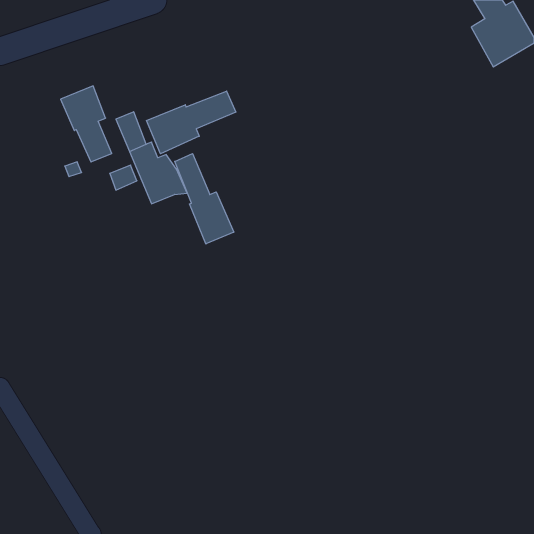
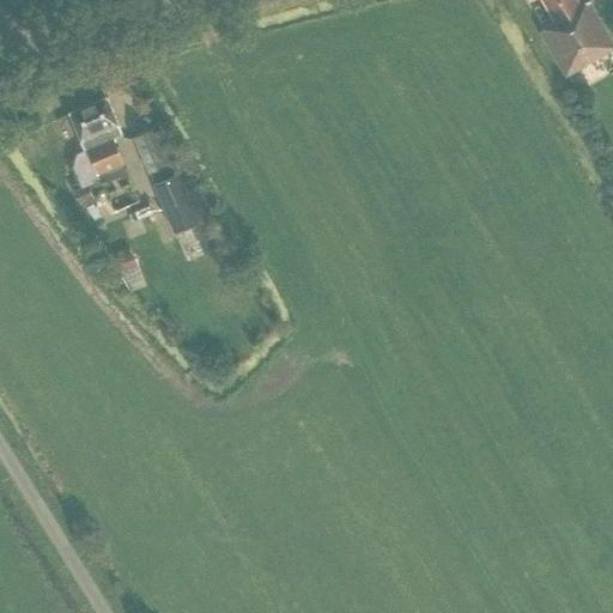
building: [146,91,236,154] -> none
building: [175,154,234,244] -> none

